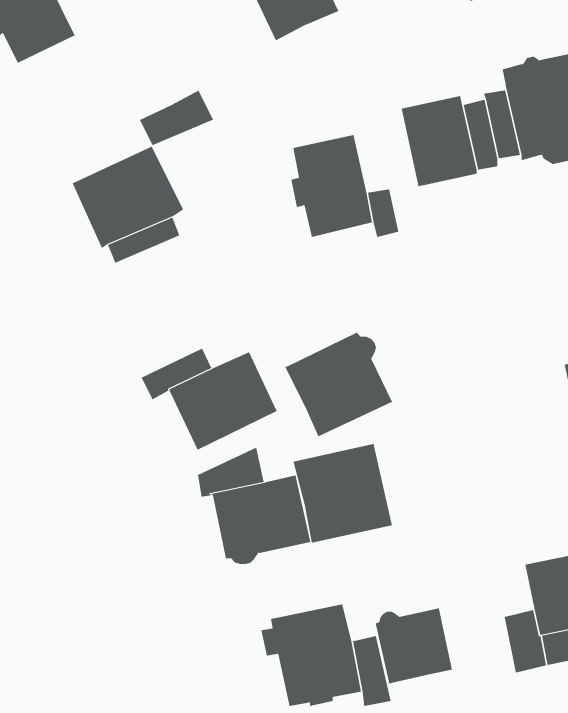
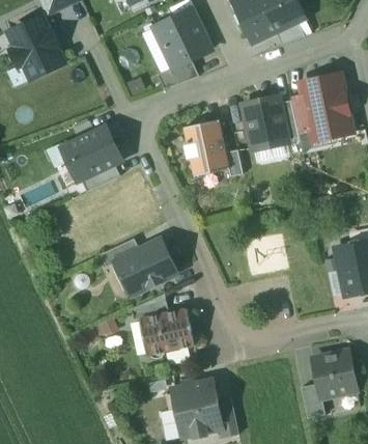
building: [139,90,214,146] -> [157,59,198,90]
building: [284,332,393,437] -> none
building: [293,443,392,544] -> none
building: [375,607,453,685] -> none

